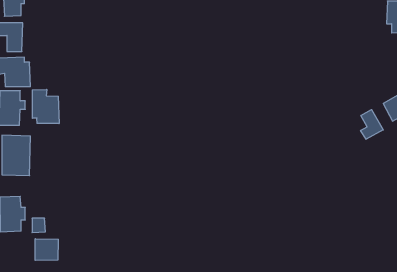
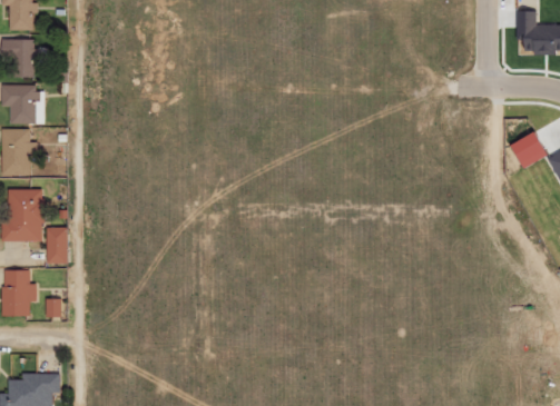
building: [32,89,59,124] -> none
building: [361,110,383,139] -> none
building: none -> [47,227,68,264]
building: [35,239,58,260] -> none

